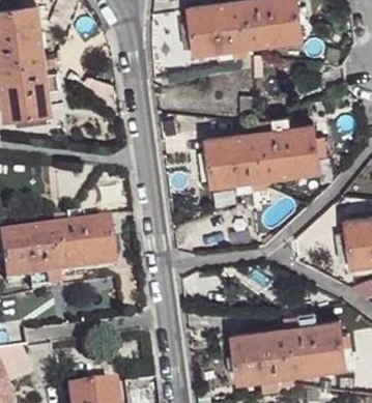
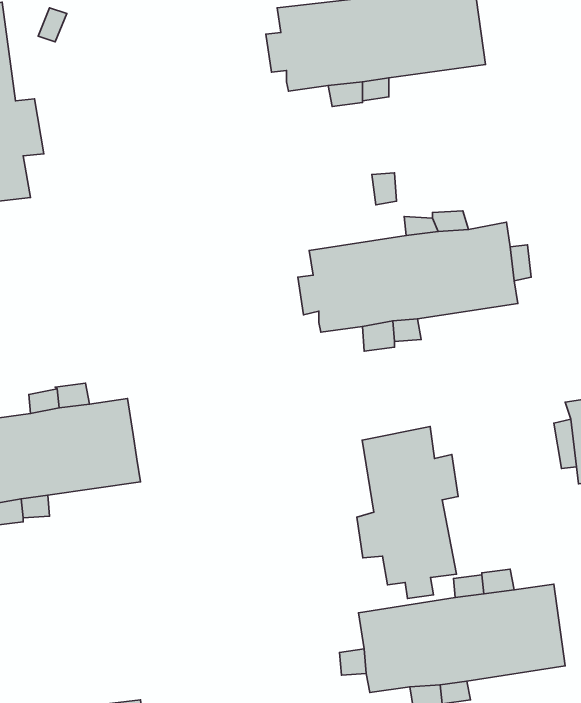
building: none -> [357,427,458,598]

